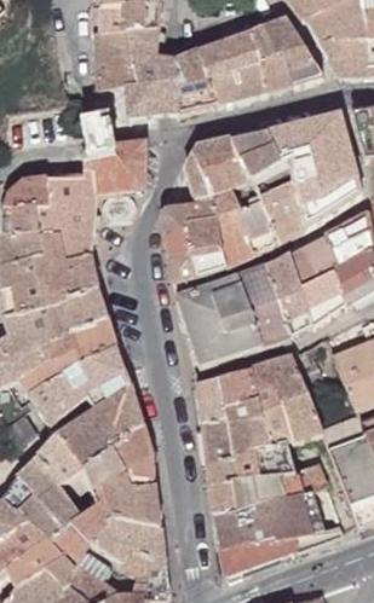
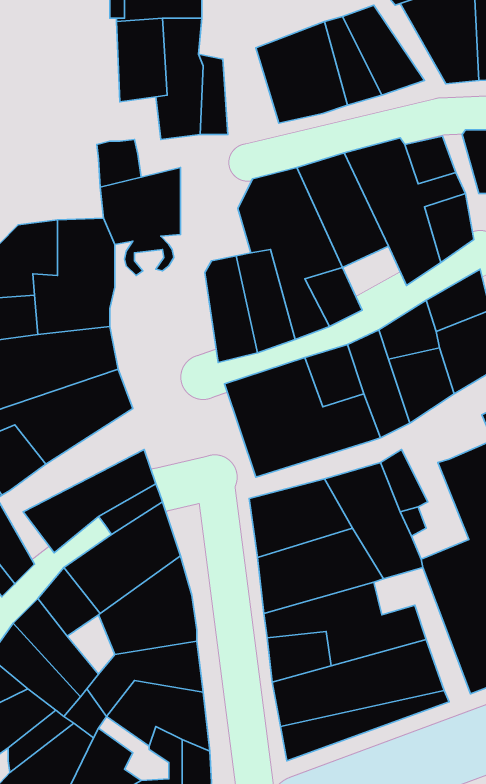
building: [174,48,215,112] -> none
building: [263,195,310,242] -> none
building: [17,314,116,390] -> none

